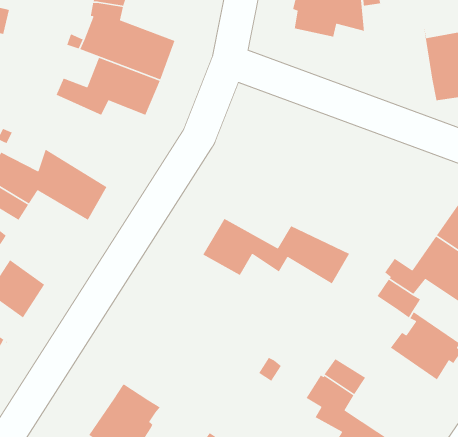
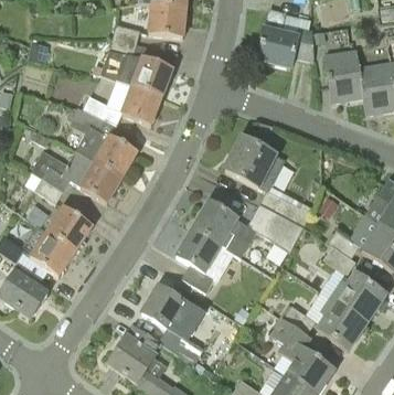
building: none -> [323,49,363,102]
building: none -> [75,109,137,178]
building: none -> [225,137,312,227]
building: none -> [49,206,93,250]
building: none -> [177,228,234,291]
building: none -> [142,286,189,352]
building: none -> [318,298,368,350]

